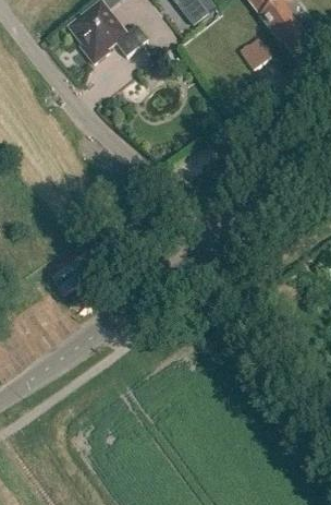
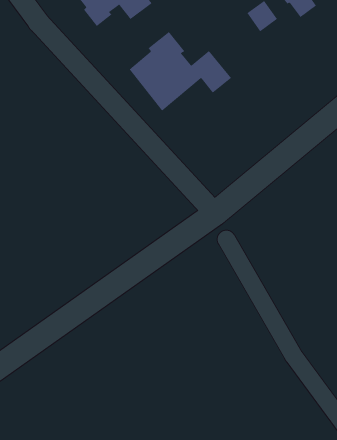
building: none -> [129,31,232,111]

